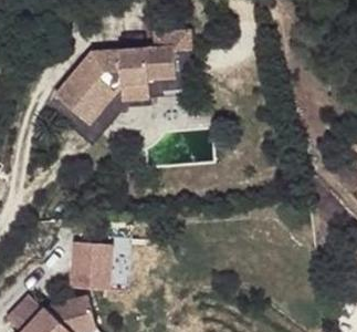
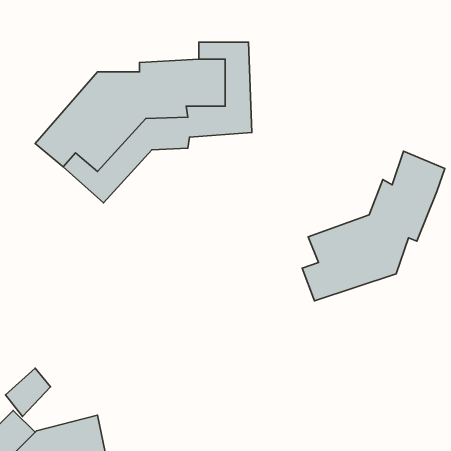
building: none -> [302,151,445,301]
building: [71,239,113,286] -> none

